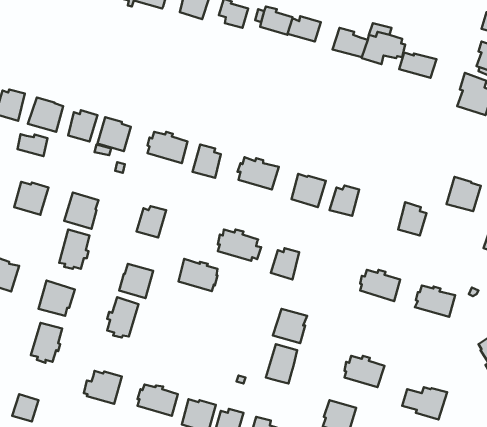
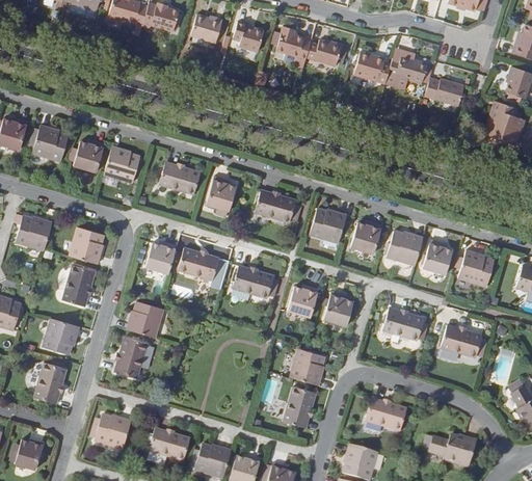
building: [17,134,47,156] -> none
building: [447,177,481,211] -> [459,246,496,283]
building: none -> [387,228,424,262]
building: none -> [324,291,354,326]
building: [178,259,218,291] -> [179,246,220,280]

